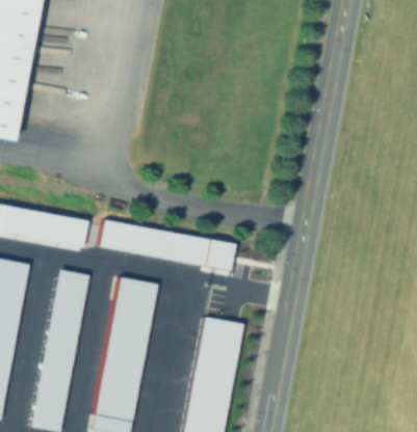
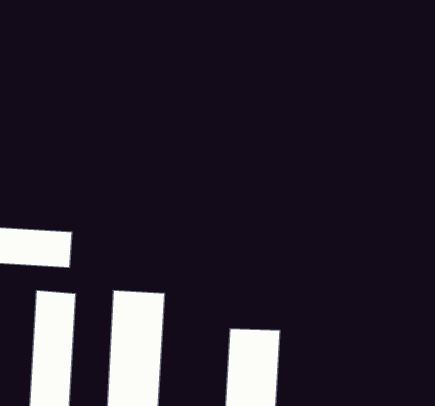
building: [99,216,238,269] -> none

